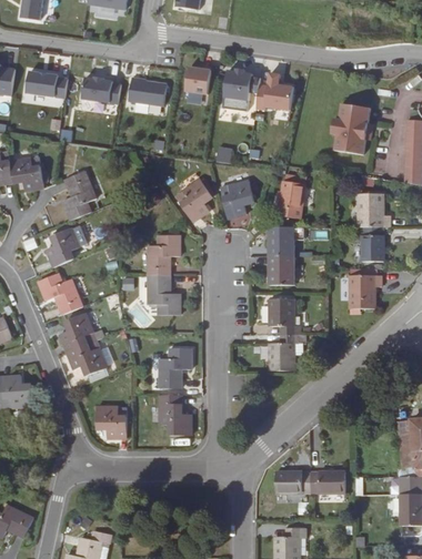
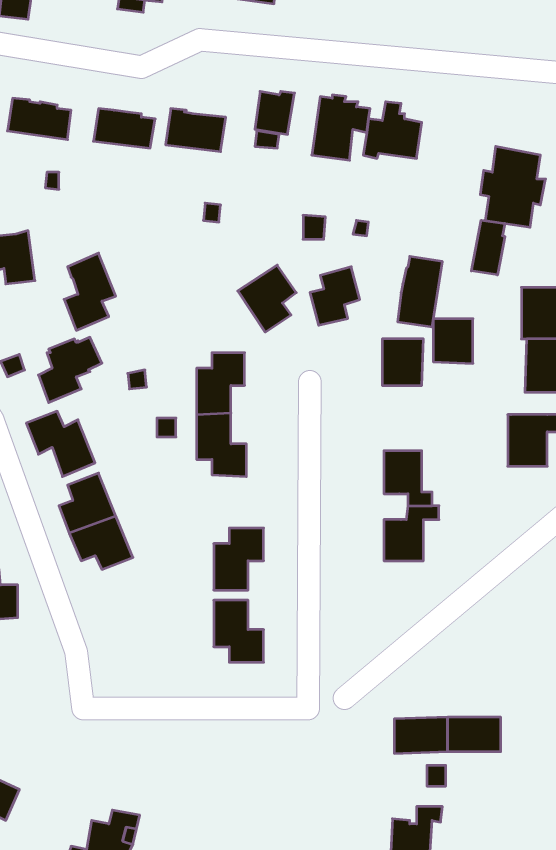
building: none -> [471,220,505,275]
building: [268,256,293,285] -> [433,319,473,363]
building: [97,406,127,438] -> none

